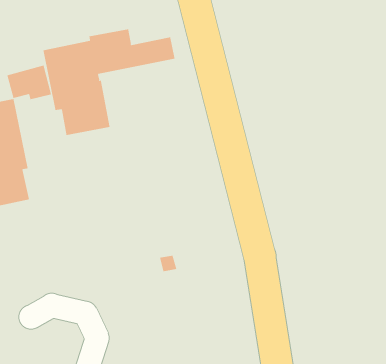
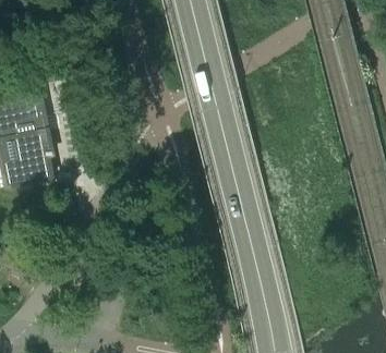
building: [43,29,175,136] -> none

